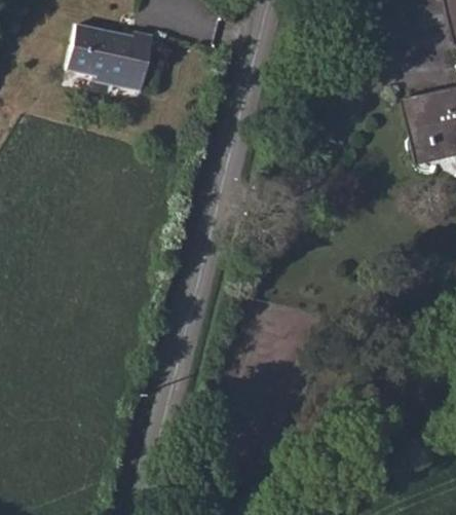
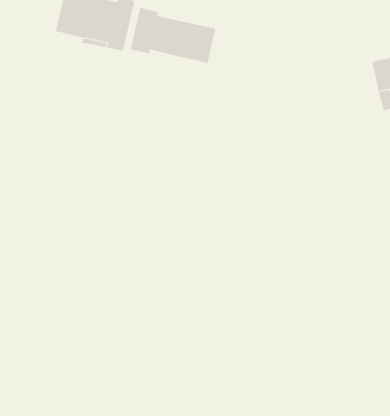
building: none -> [130,7,216,64]

